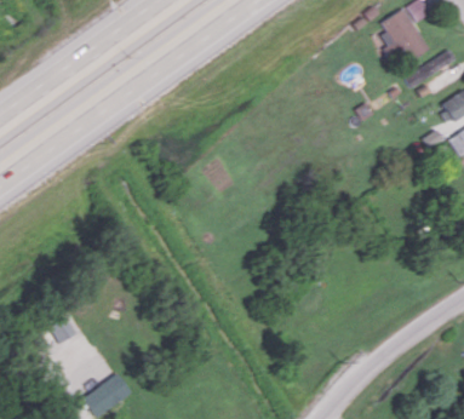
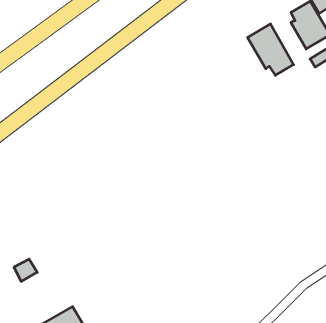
building: none -> [248,24,294,75]

